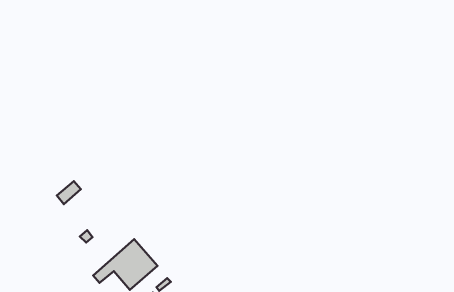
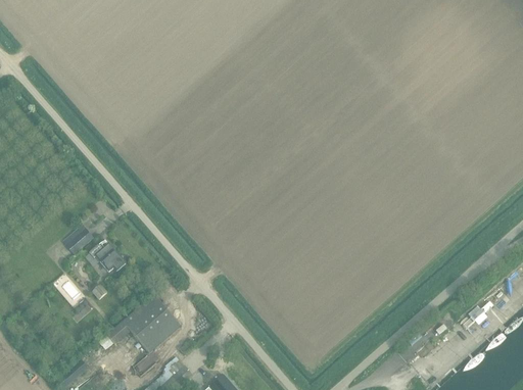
building: none -> [89,244,126,272]

